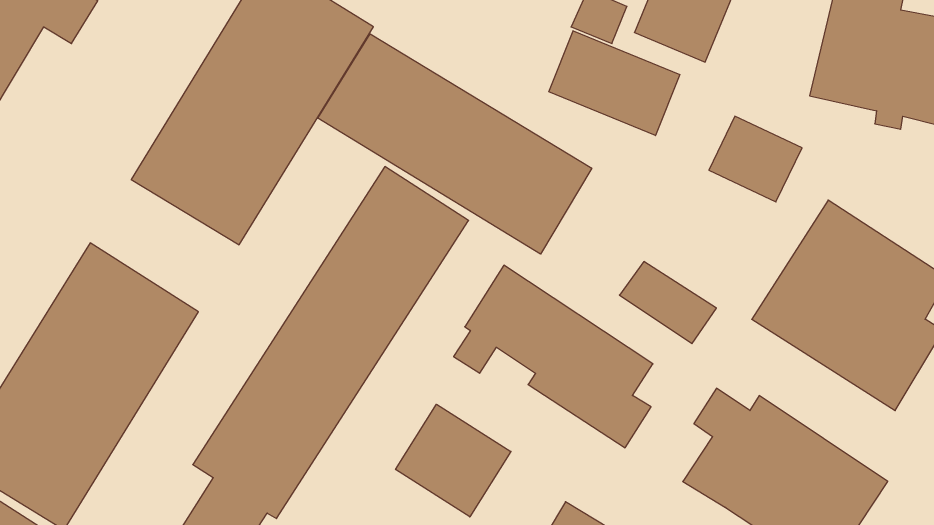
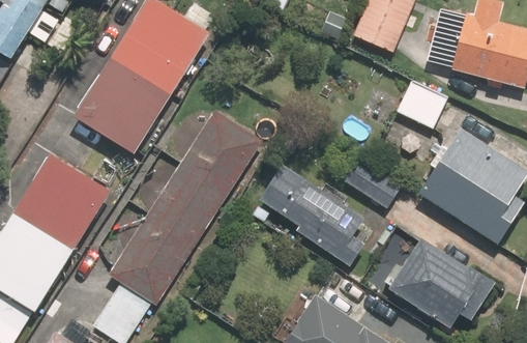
building: [549,31,680,136] -> none
building: [318,34,592,254] -> none
building: [396,404,511,517] -> none

